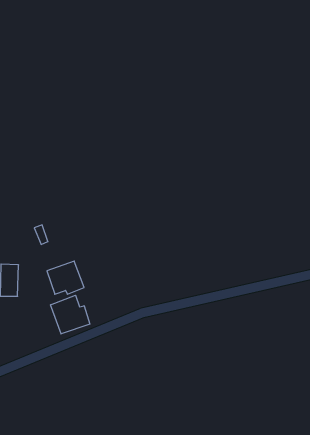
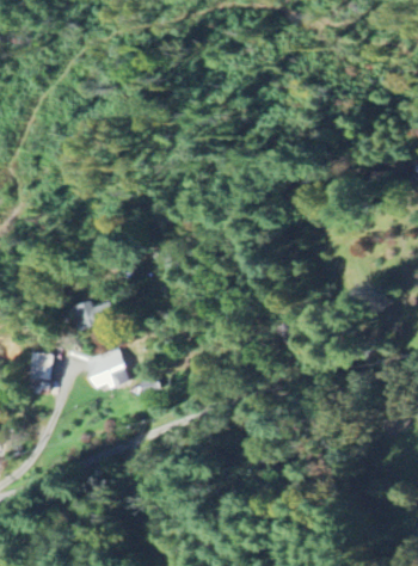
building: [51,295,90,334] -> none

